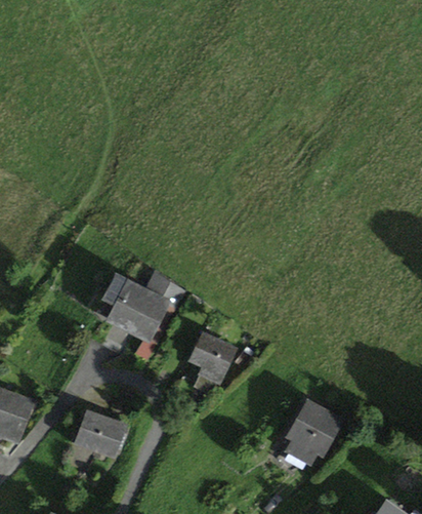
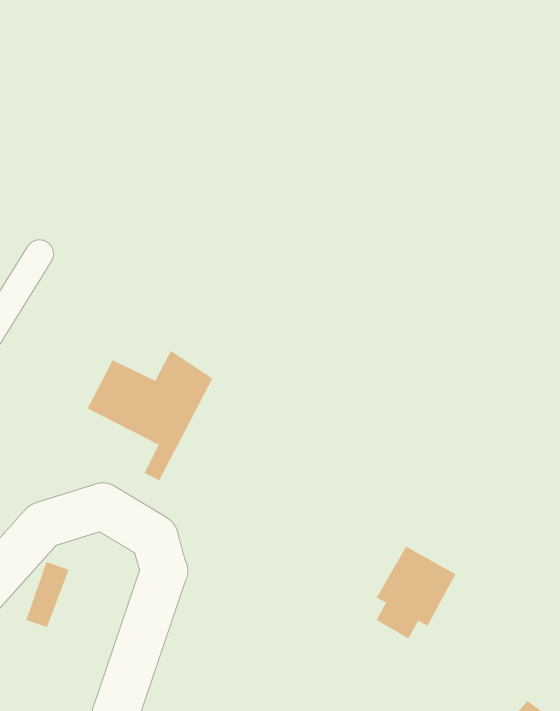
building: [192,334,233,394] -> none
building: [82,417,127,453] -> none

